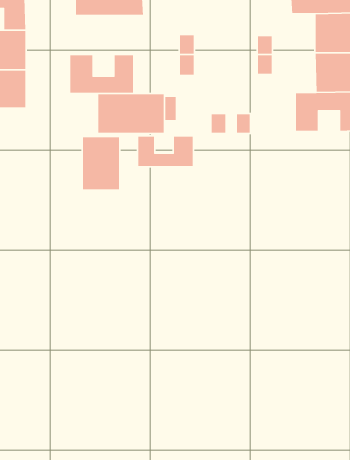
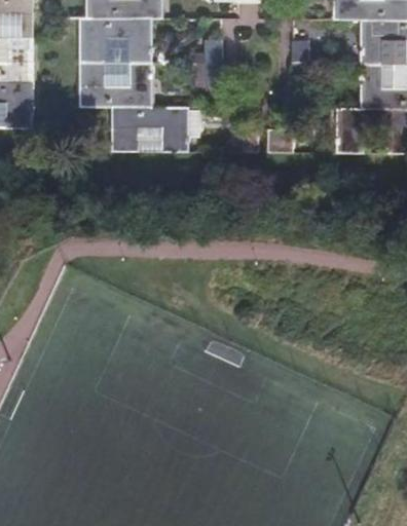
building: none -> [81,20,154,64]
building: [137,136,194,167] -> none
building: [82,137,120,190] -> none

